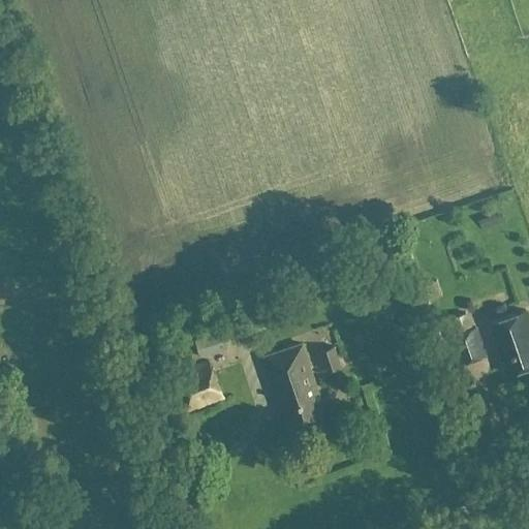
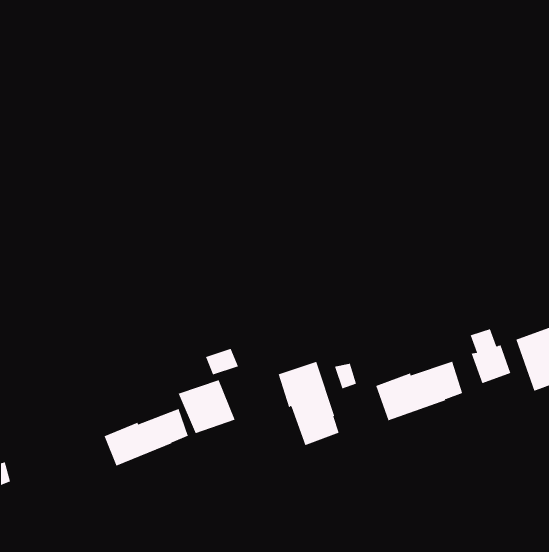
building: none -> [375,361,463,421]
building: none -> [104,408,189,466]

